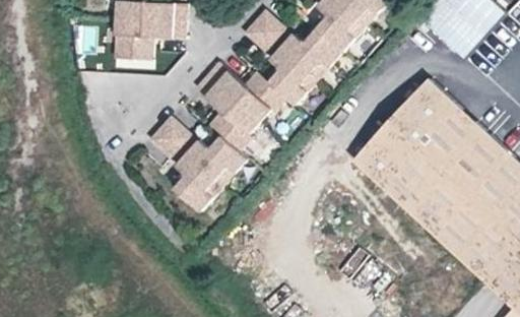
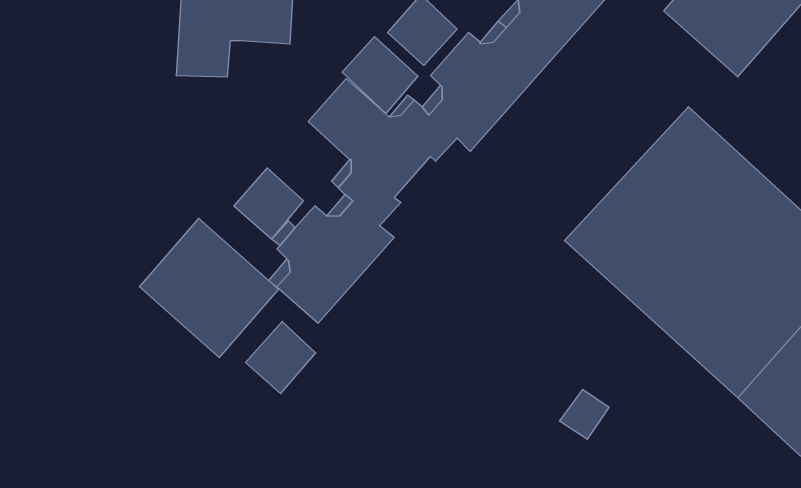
building: none -> [342,37,418,114]
building: none -> [139,218,279,358]
building: none -> [246,321,316,394]

